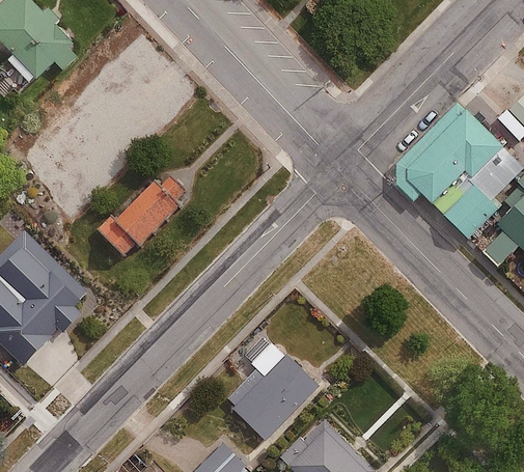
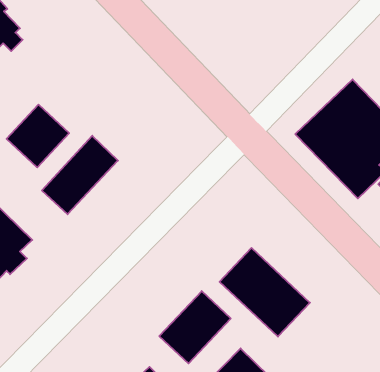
building: none -> [7,105,69,167]
building: none -> [220,248,310,337]

